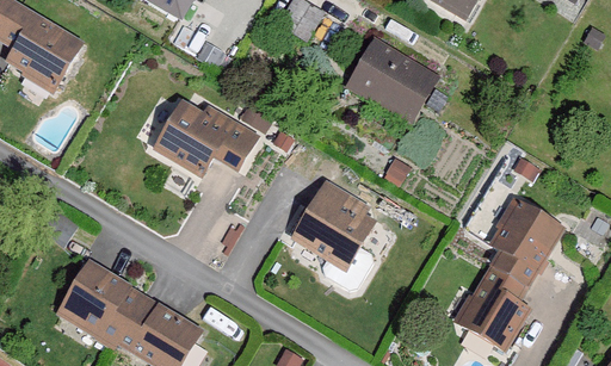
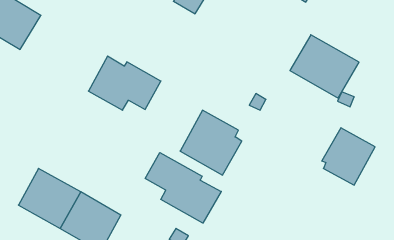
building: [342,37,442,128] -> [290,35,359,98]
building: none -> [145,153,221,223]
building: [453,260,535,352] -> none

